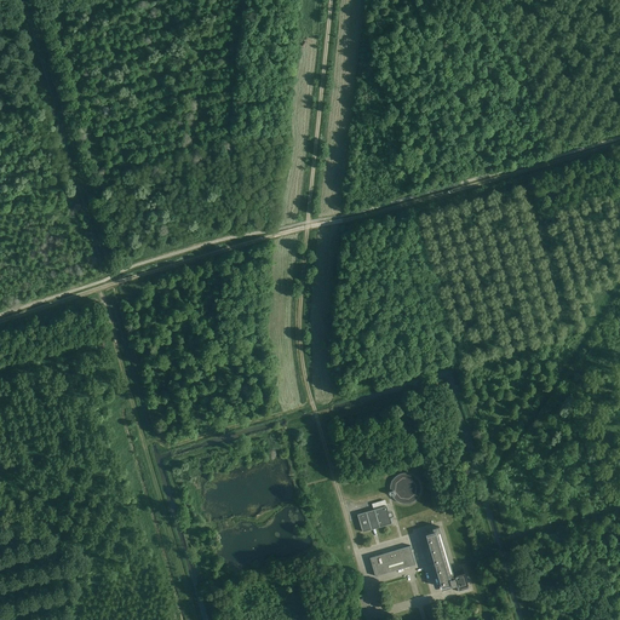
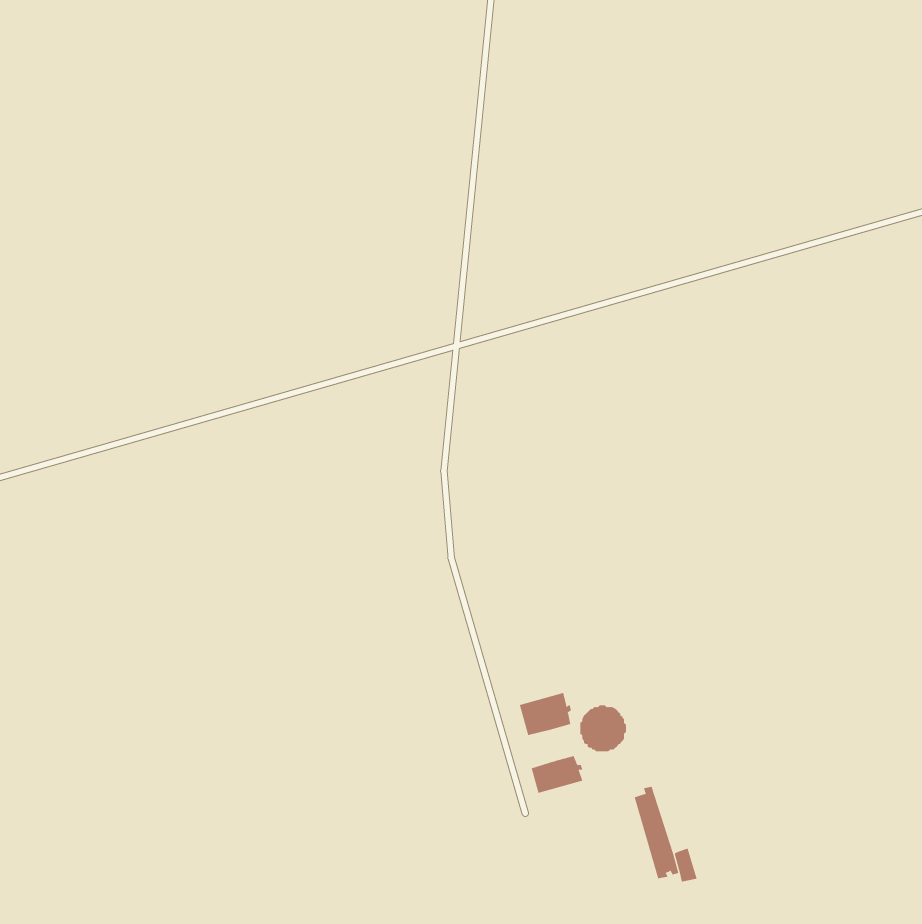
building: none -> [519,692,571,736]
building: [368,545,413,574] -> none

